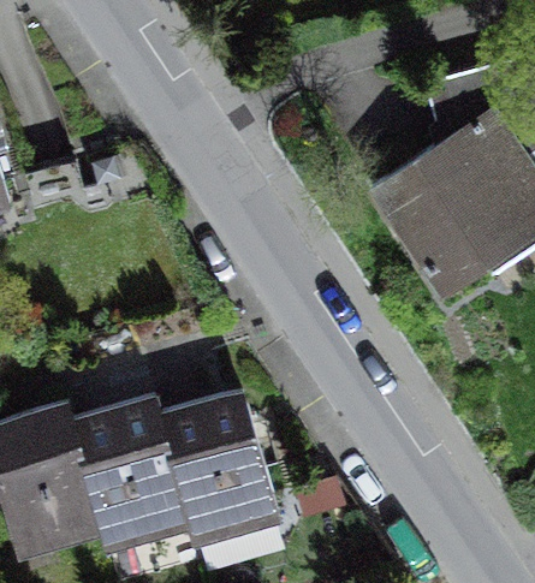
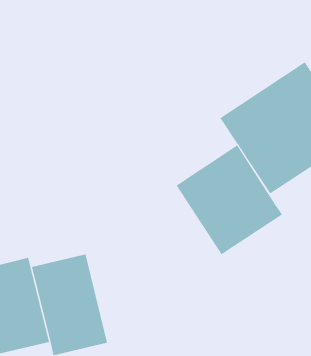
building: none -> [176,145,283,255]
building: [167,391,283,541] -> none

